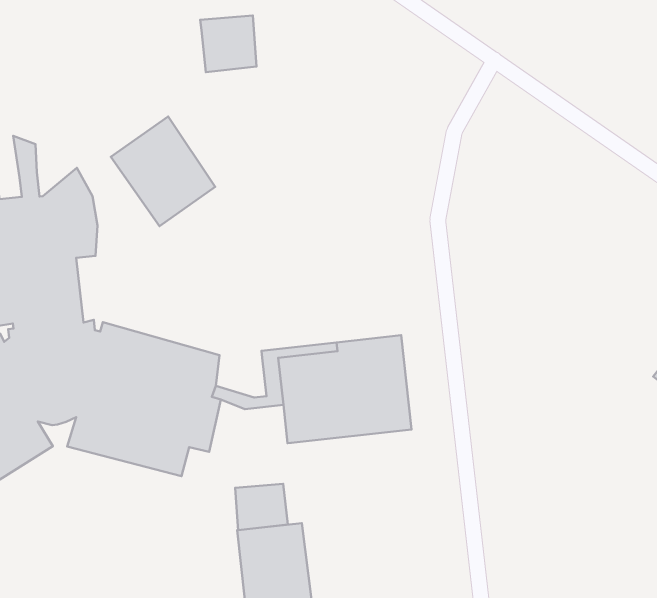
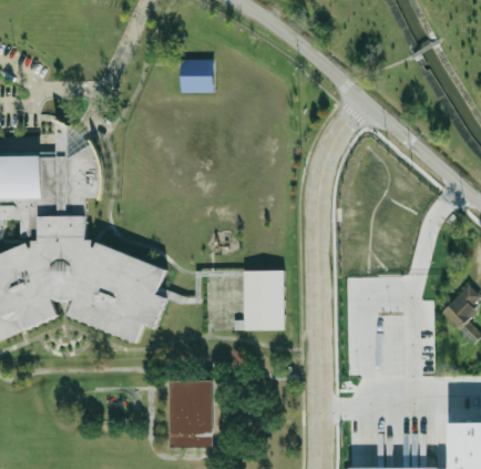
building: [111,116,215,226] -> none
building: [235,484,288,530] -> none

